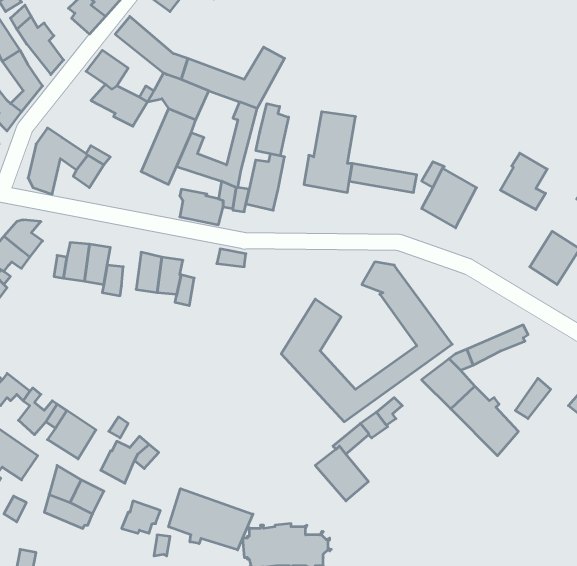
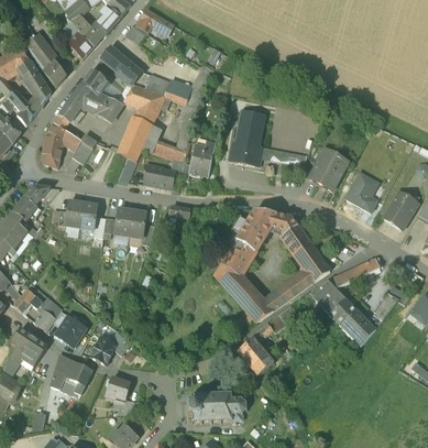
building: none -> [54,84,94,129]
building: [256,104,289,156] -> none
building: [500,153,547,210] -> [345,173,377,211]
building: none -> [231,209,277,251]
building: [169,489,253,550] -> none

